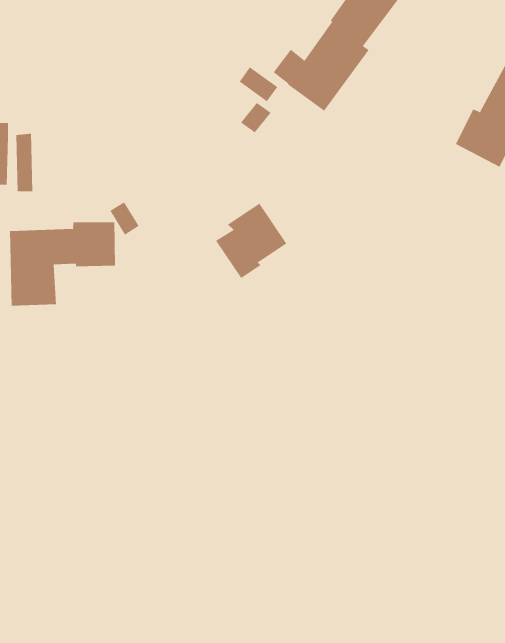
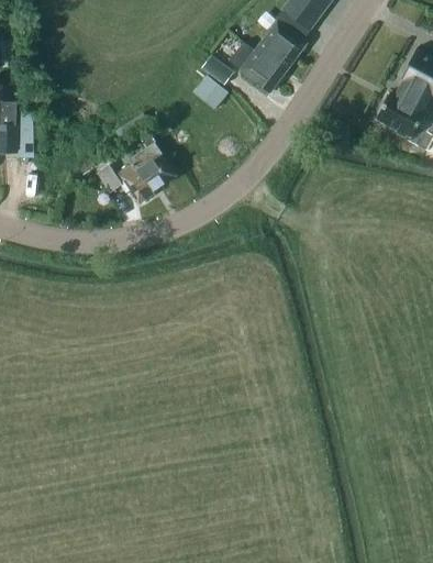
building: [215,203,287,279] -> [118,142,176,203]
building: [9,221,116,306] -> none

